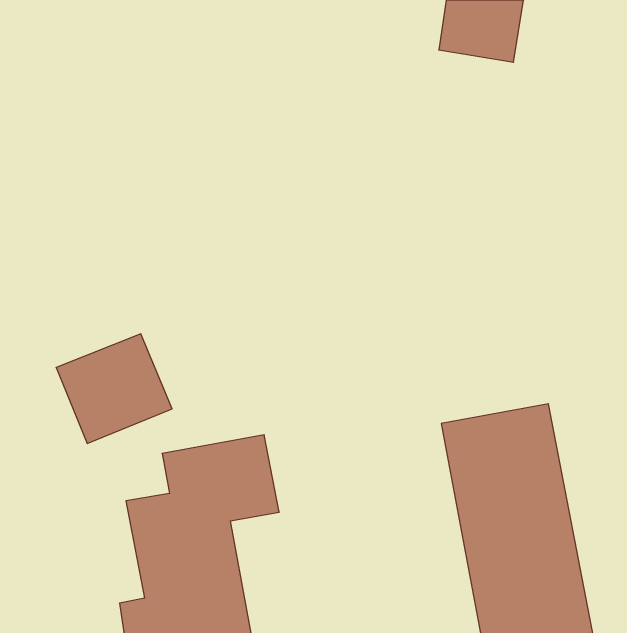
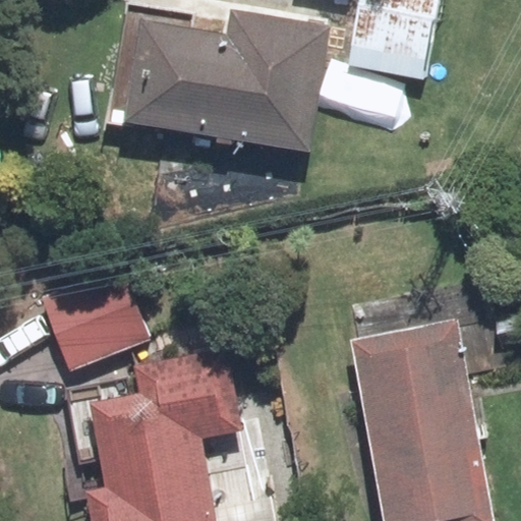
building: none -> [133,21,323,144]

